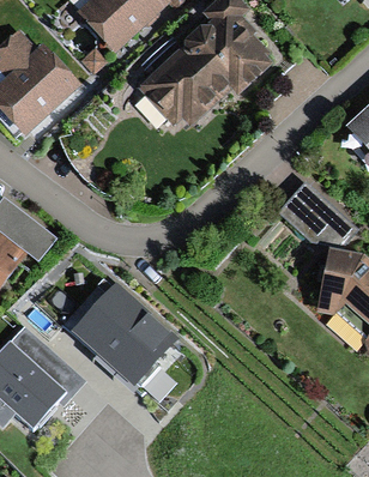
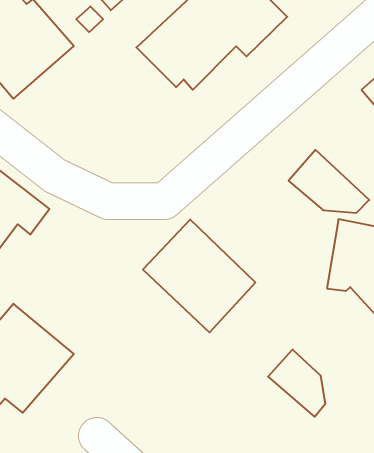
building: [73,280,179,386] -> [143,220,255,332]
building: none -> [268,349,325,417]

